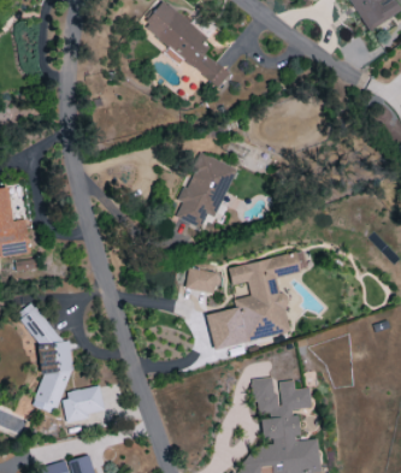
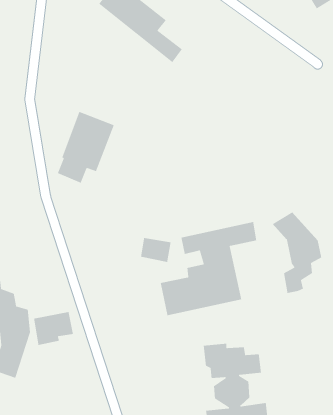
building: [176,153,236,229] -> [57,111,115,184]
building: none -> [272,211,322,294]
building: [61,386,104,422] -> [33,311,74,346]

